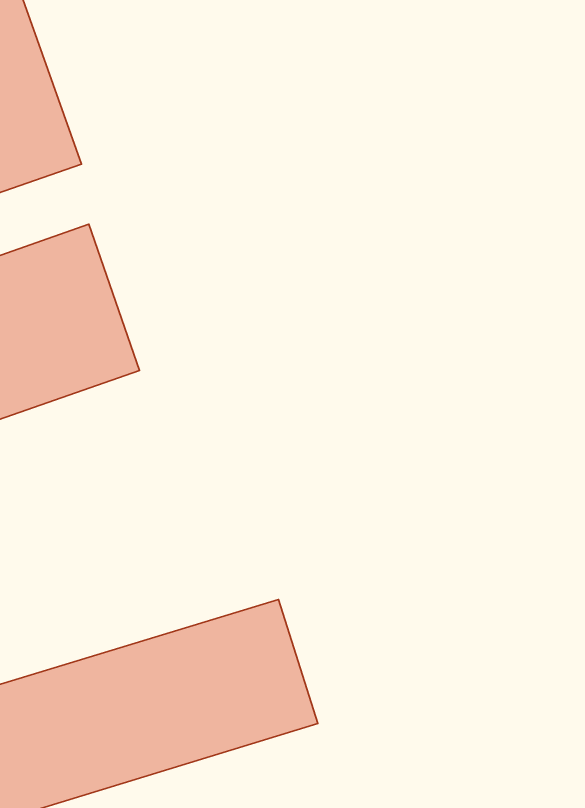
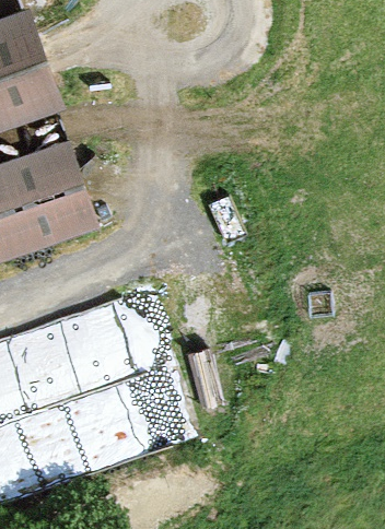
building: none -> [15,286,156,397]

